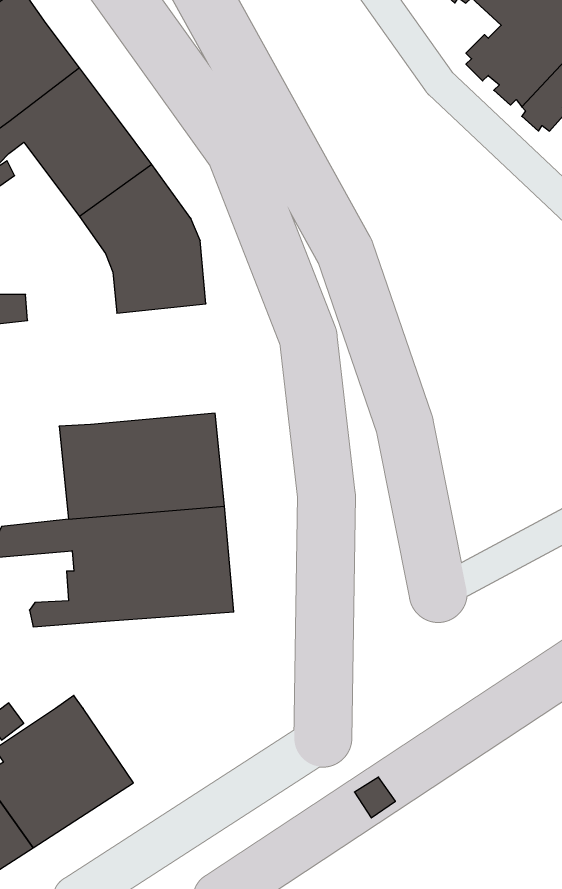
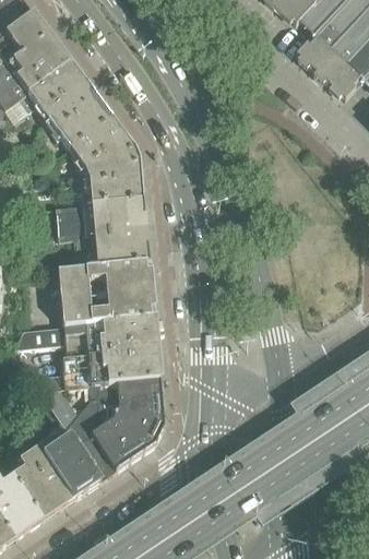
building: none -> [57,199,151,270]
building: none -> [68,380,166,480]

